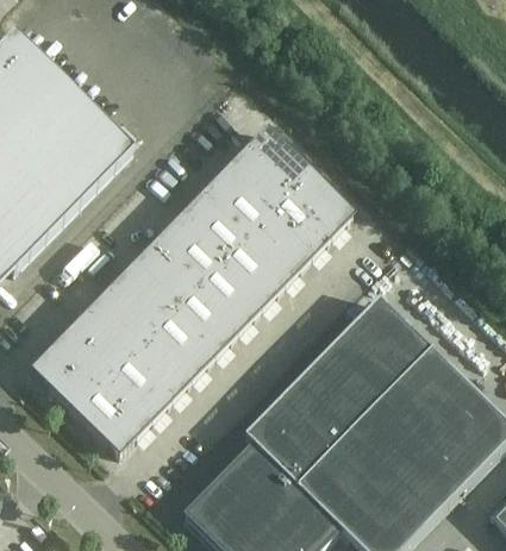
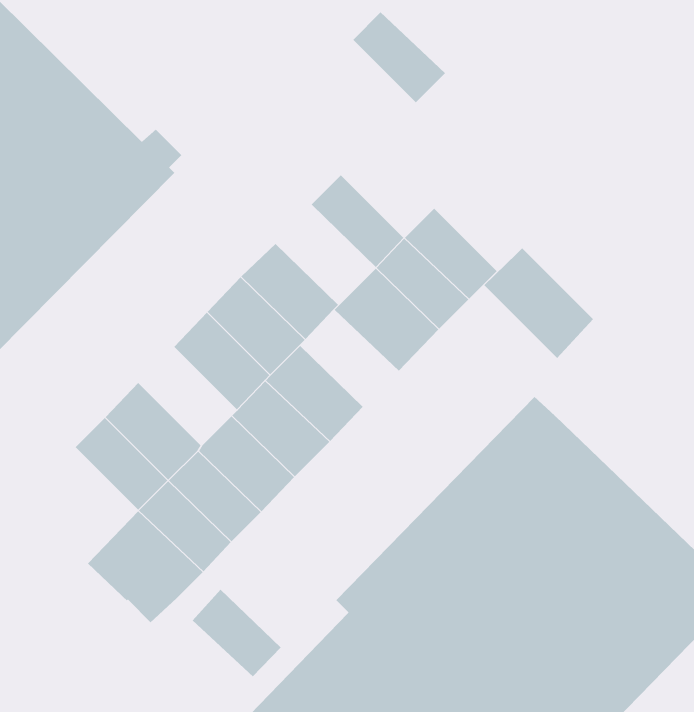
building: [246,127,310,189] -> [352,12,446,103]
building: [202,167,270,234] -> none
building: none -> [483,248,594,359]
building: [219,238,286,303] -> none
building: [110,263,176,330] -> none
building: [33,331,110,409] -> none
building: none -> [192,589,282,677]

